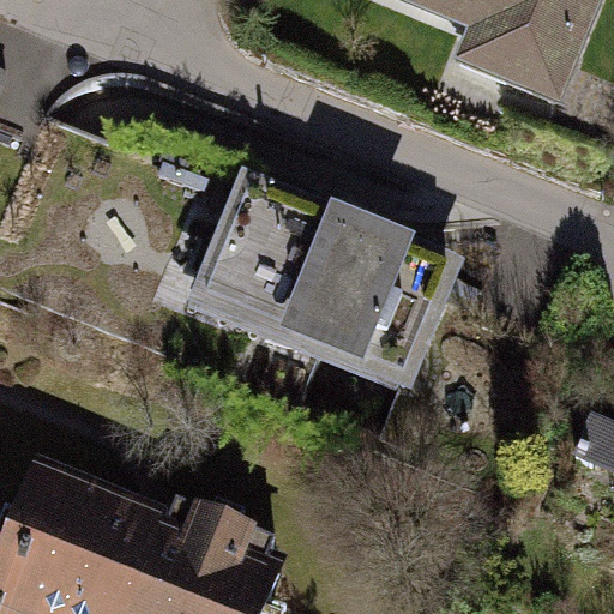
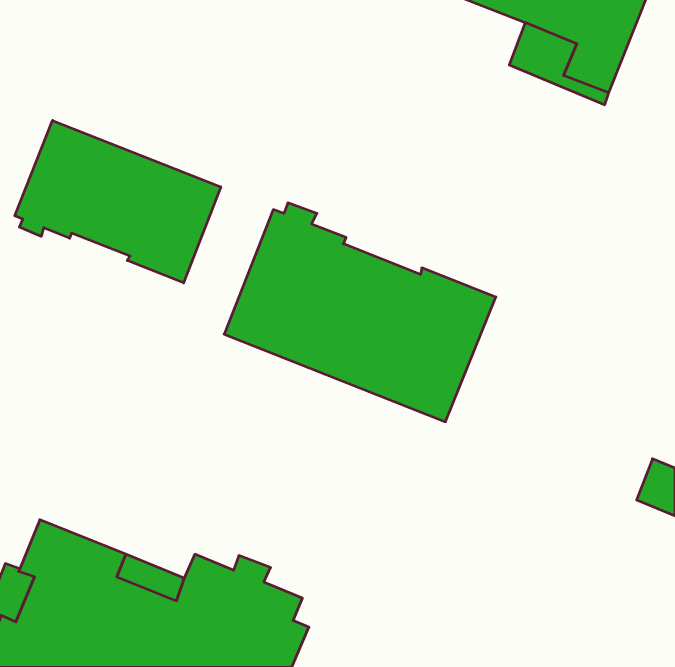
building: none -> [15,120,221,283]

